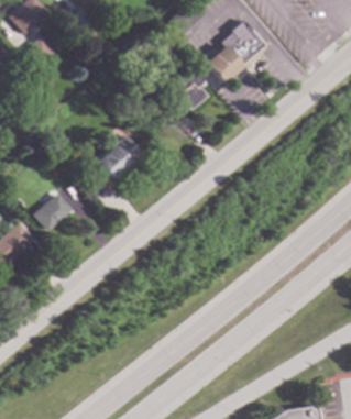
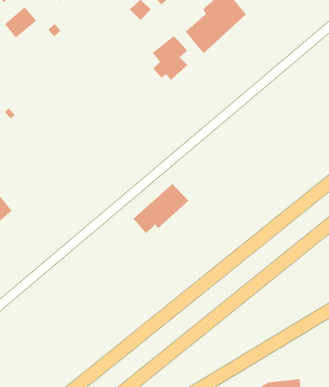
building: [85,134,141,185] -> [133,183,189,234]
building: [32,194,72,231] -> none

